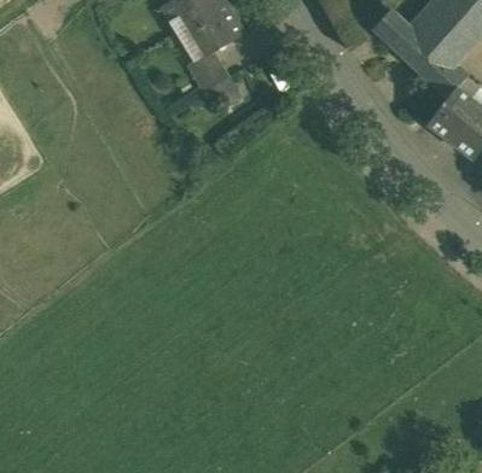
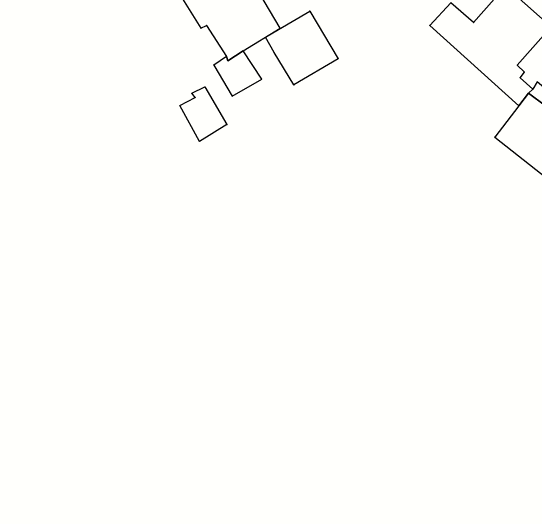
building: none -> [266,11,338,85]
building: none -> [180,87,227,141]

